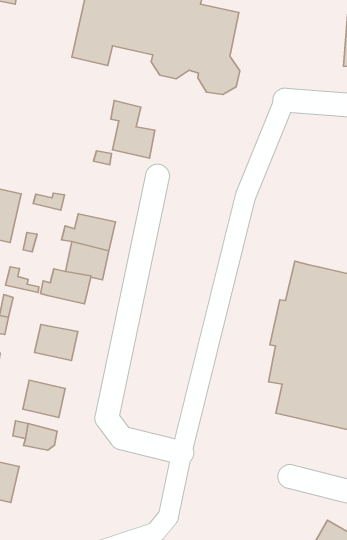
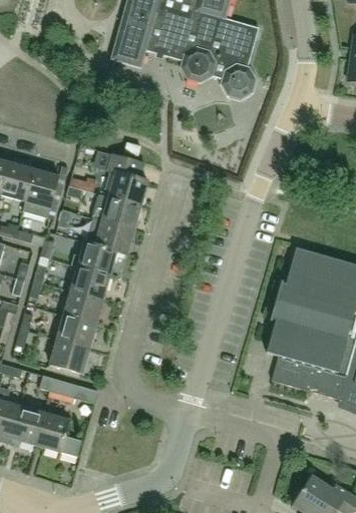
building: [111,101,155,158] -> [108,152,146,204]
building: none -> [70,266,109,299]
building: none -> [57,315,95,348]
building: none -> [35,414,82,455]

